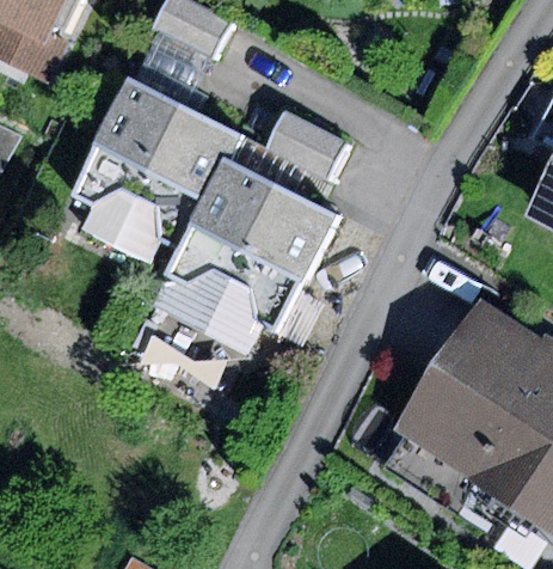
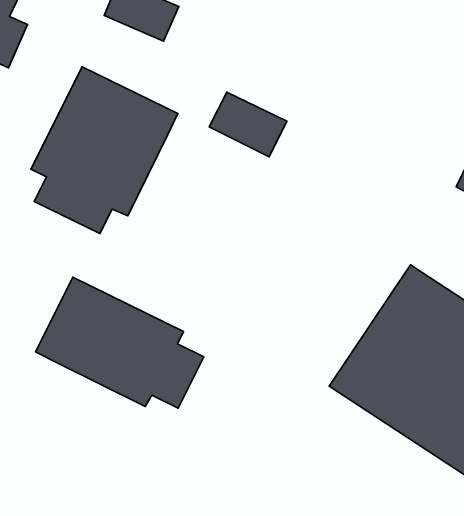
building: [150,157,336,350] -> none
building: none -> [35,277,204,408]

